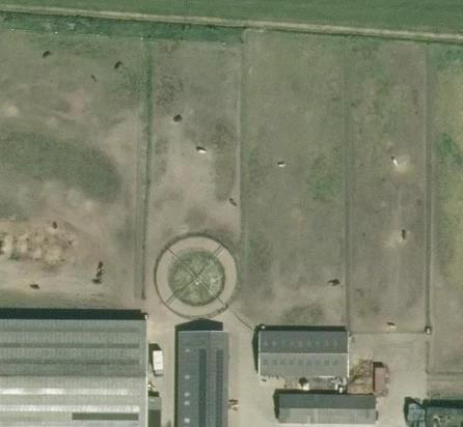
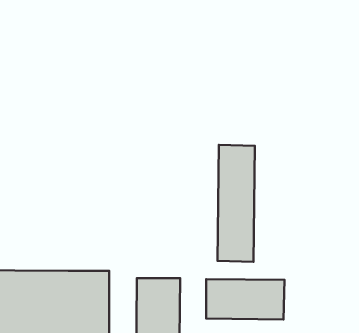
building: none -> [218,145,255,262]

